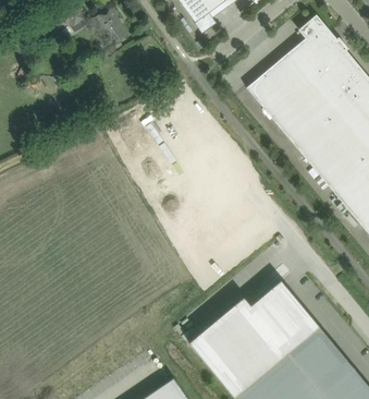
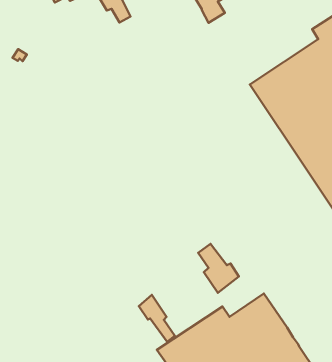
building: none -> [198,244,239,293]
building: none -> [139,295,175,342]

